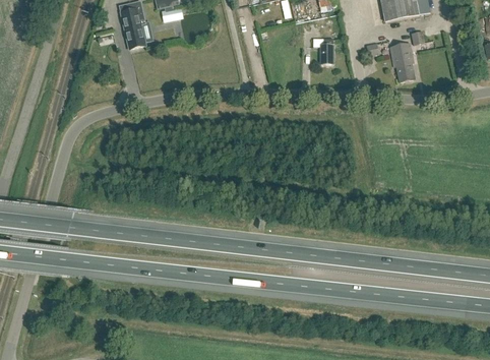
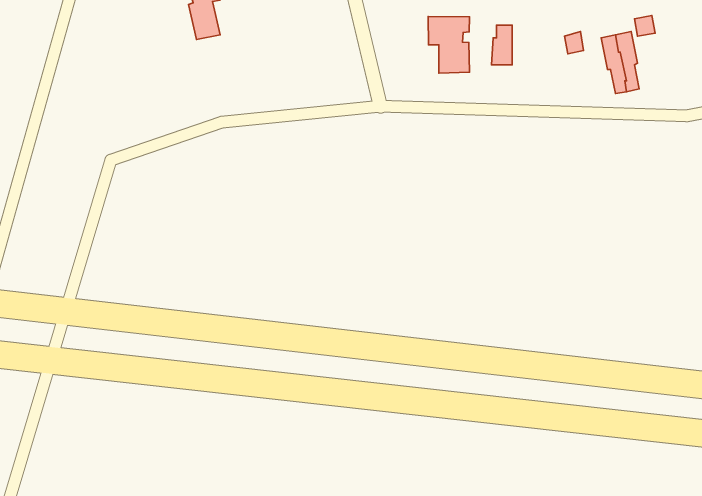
building: none -> [428,17,470,73]

